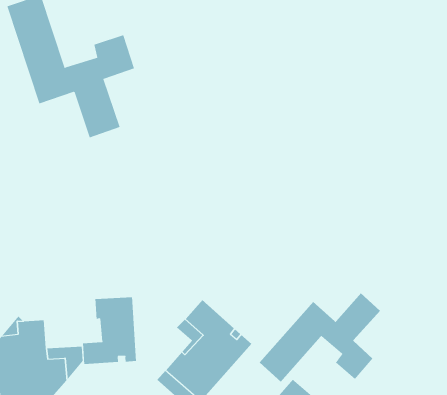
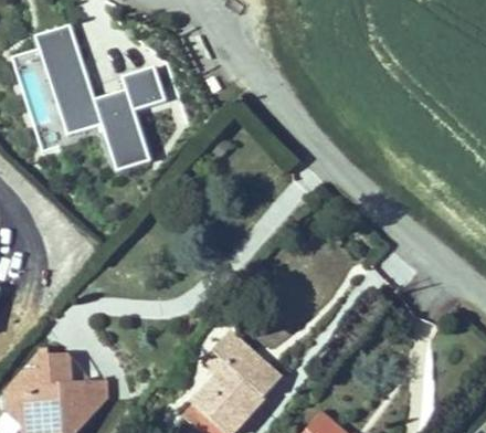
building: [259,293,381,383] -> none
building: [82,296,137,365] -> none

